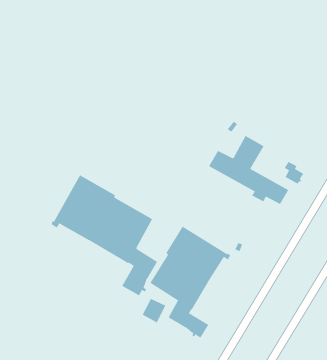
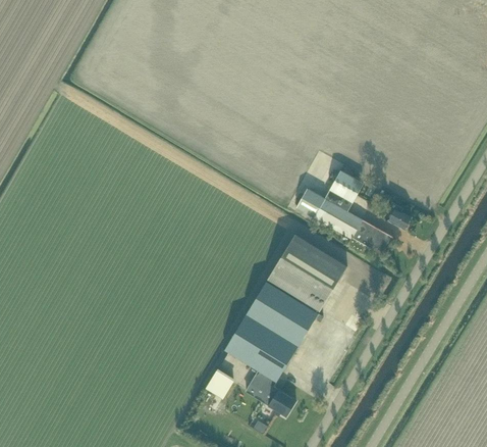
building: [51,174,158,296] -> none
building: none -> [268,236,346,309]

